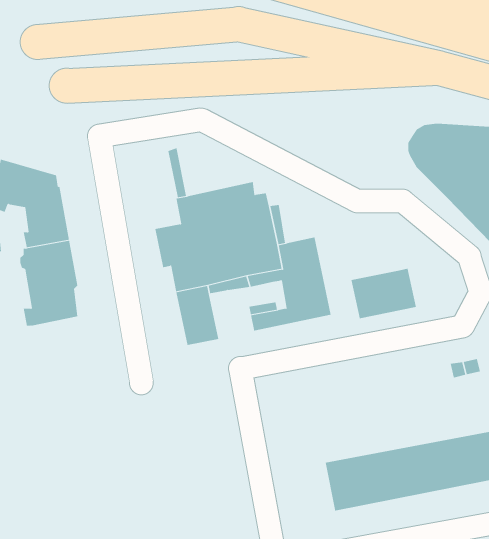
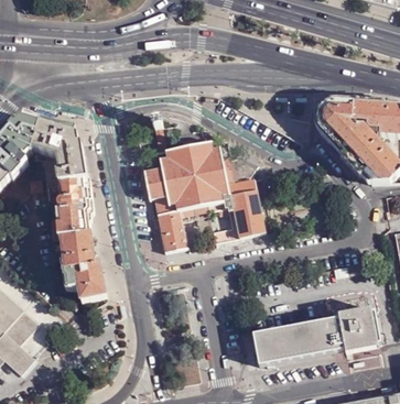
building: [351,268,416,319] -> none
building: none -> [60,231,106,301]

